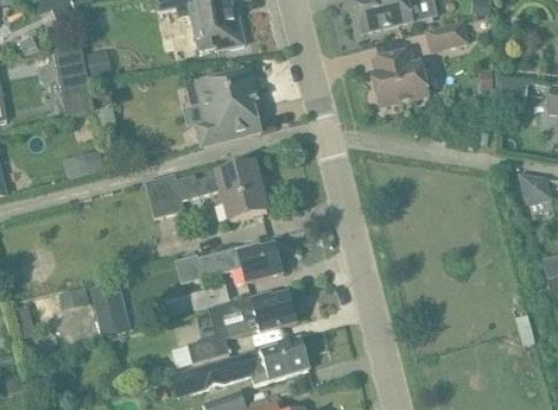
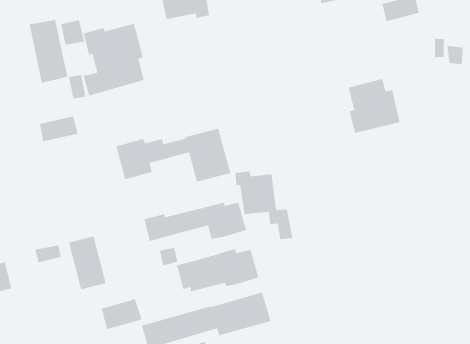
building: [372,49,427,107] -> [348,79,401,133]
building: [195,68,260,145] -> [83,23,145,96]
building: none -> [235,170,293,240]
building: [185,332,229,365] -> [101,298,142,330]

